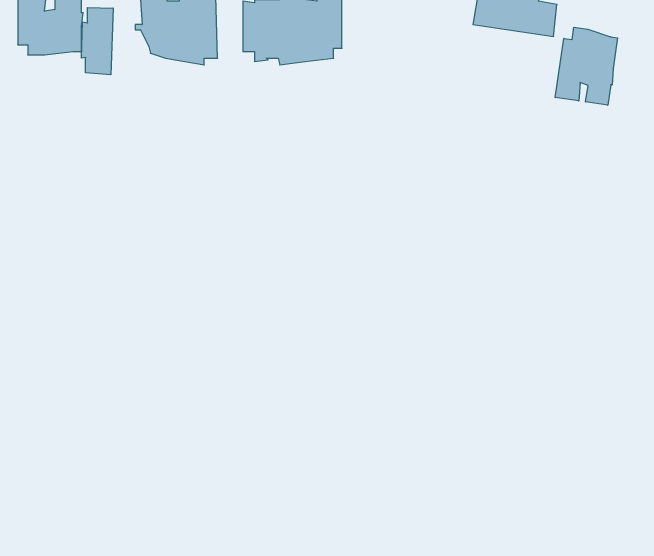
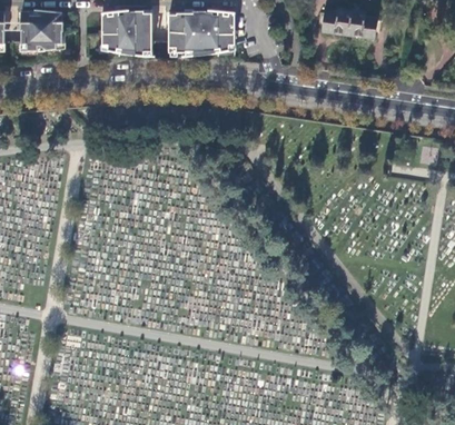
building: [81,8,113,75] -> none
building: [555,27,618,105] -> none

